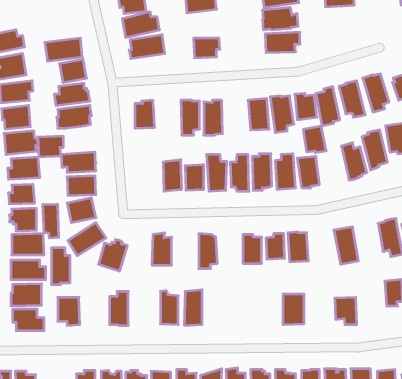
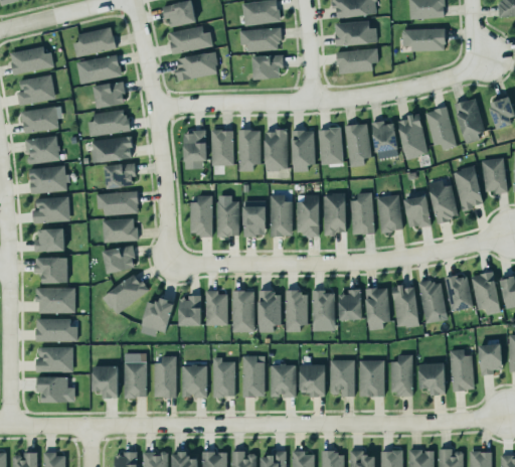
building: none -> [73,28,117,57]
building: none -> [241,28,282,52]
building: none -> [401,28,445,50]
building: none -> [212,131,235,166]
building: none -> [292,131,315,172]
building: [303,126,326,153] -> [404,197,432,228]
building: [38,136,63,157] -> [107,164,137,188]
building: none -> [189,195,213,239]
building: [43,204,59,238] -> none
building: none -> [447,276,473,311]
building: none -> [286,288,307,330]
building: none -> [393,288,418,330]
building: none -> [232,289,254,333]
building: none -> [179,294,200,324]
building: [51,248,70,284] -> [125,353,147,397]
building: none -> [450,347,475,392]
building: none -> [390,353,412,396]
building: none -> [330,359,354,395]
building: none -> [270,363,295,395]
building: none -> [300,363,325,395]
building: none -> [181,364,208,397]

